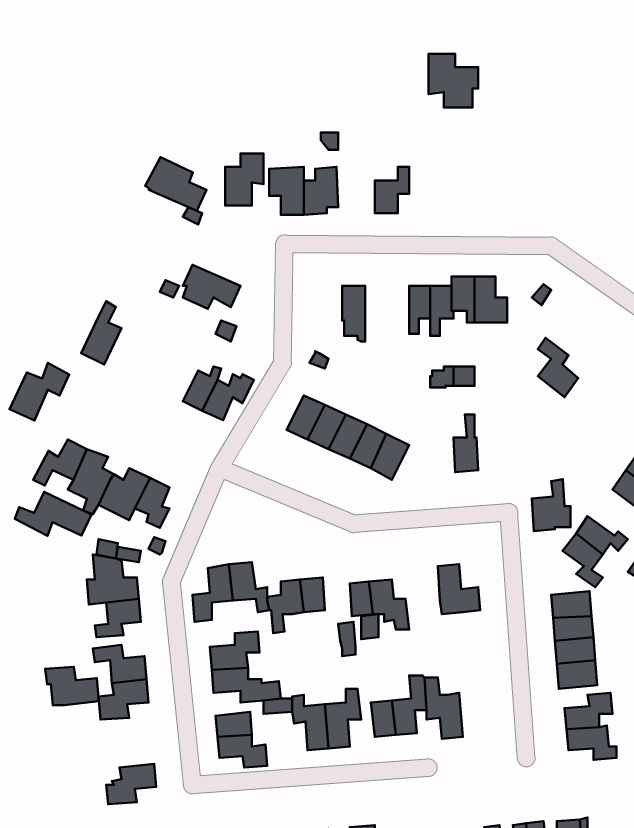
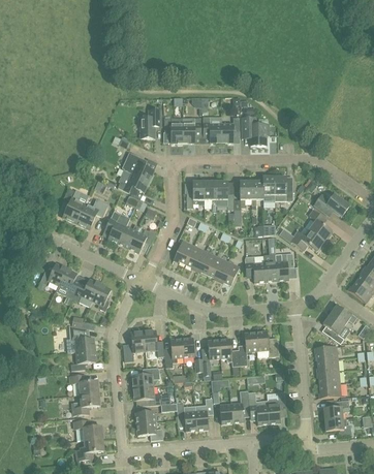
building: [428,54,478,108] -> [242,117,269,146]
building: [145,157,206,211] -> [121,152,154,181]
building: none -> [202,116,221,141]
building: none -> [185,181,204,208]
building: none -> [216,181,233,210]
building: none -> [314,194,349,216]
building: none -> [104,210,130,243]
building: [10,363,69,421] -> [75,198,107,229]
building: none -> [290,229,323,251]
building: none -> [245,255,264,282]
building: [532,479,570,531] -> [276,252,297,280]
building: [15,492,92,536] -> none
building: none -> [238,331,256,366]
building: [45,667,99,705] -> [73,419,102,440]
building: none -> [267,390,286,423]

